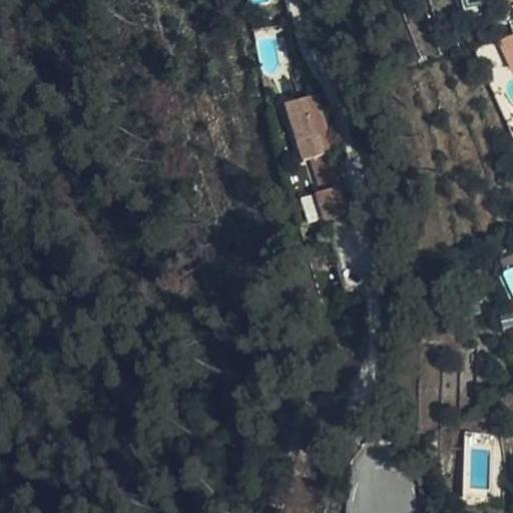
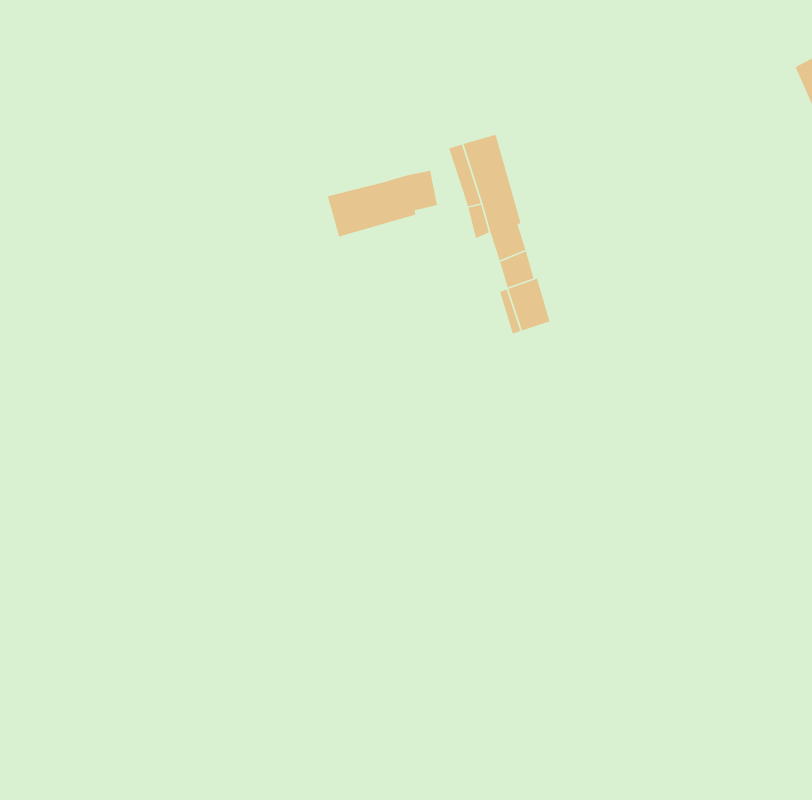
building: none -> [327,170,438,237]

